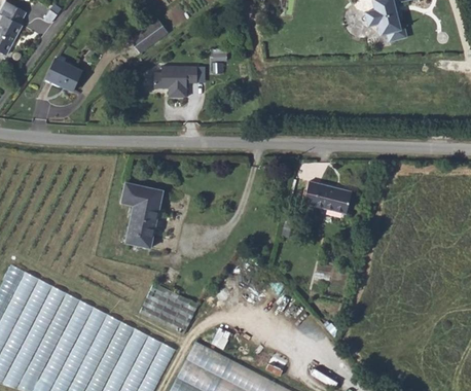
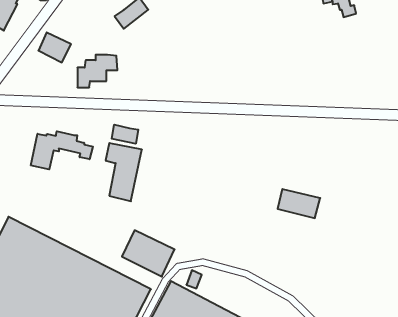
building: [153,65,198,102] -> [77,55,117,87]
building: none -> [112,125,138,144]
building: none -> [31,131,93,169]
building: [303,181,352,214] -> [278,189,320,218]

